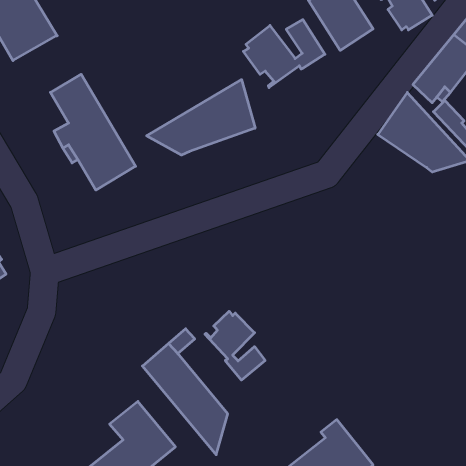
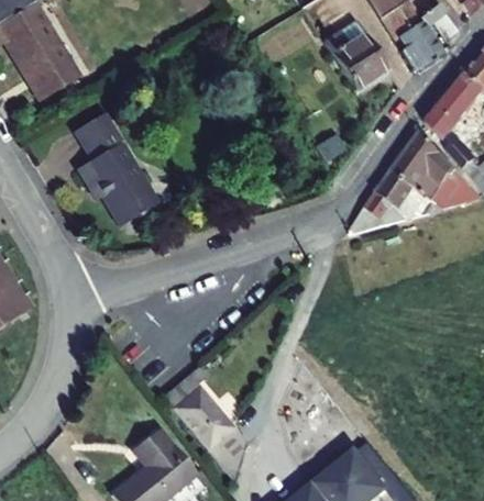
building: [243,20,325,88] -> none
building: [147,80,255,155] -> none
building: none -> [348,170,439,232]
building: [205,311,265,380] -> none

